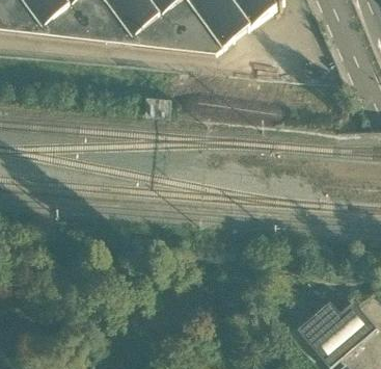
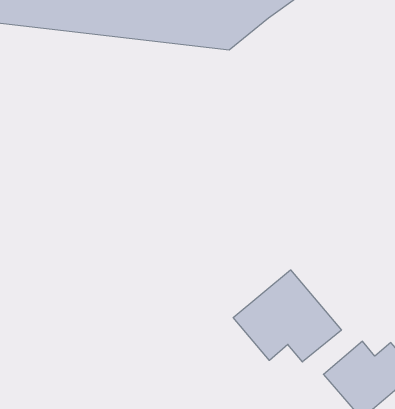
building: none -> [233,270,341,362]

